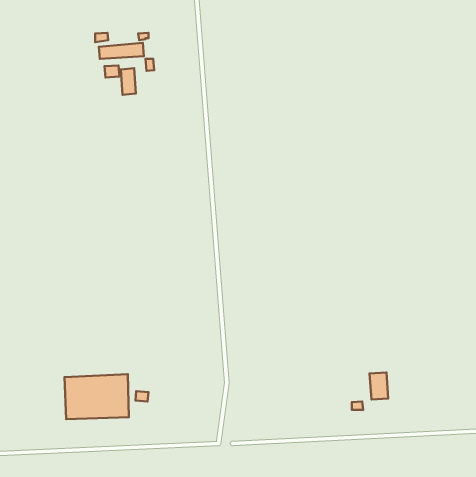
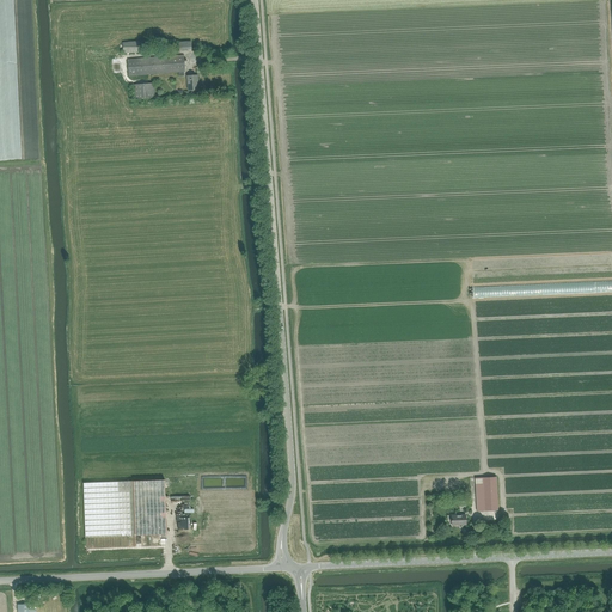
building: [121,68,136,95] -> none

